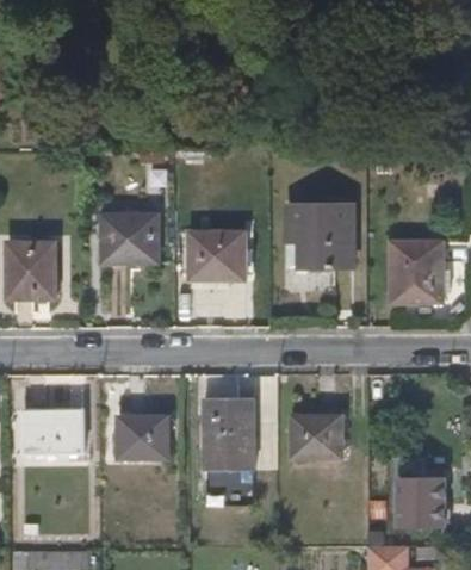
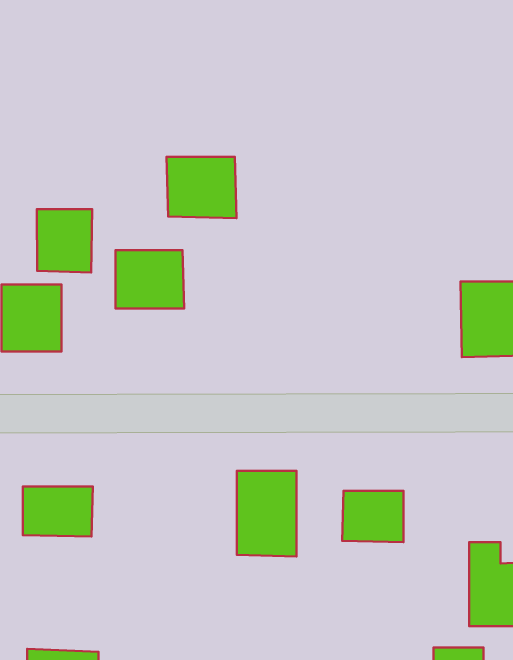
building: none -> [37,209,92,273]
building: [286,204,354,269] -> none
building: [187,229,246,280] -> [167,157,236,218]
building: [116,416,167,459] -> none

